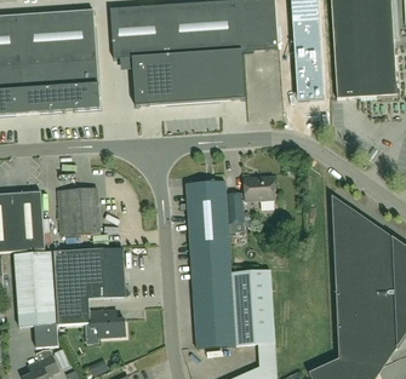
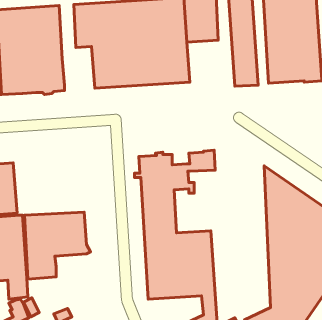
building: [57,186,99,236] -> none
building: [90,309,125,337] -> none

